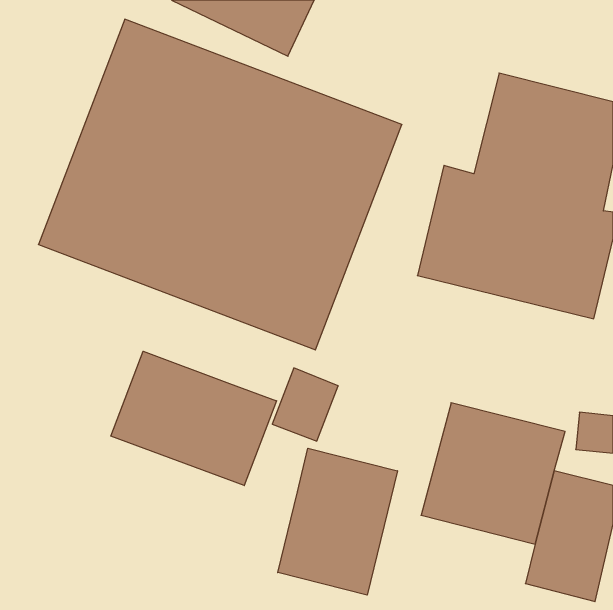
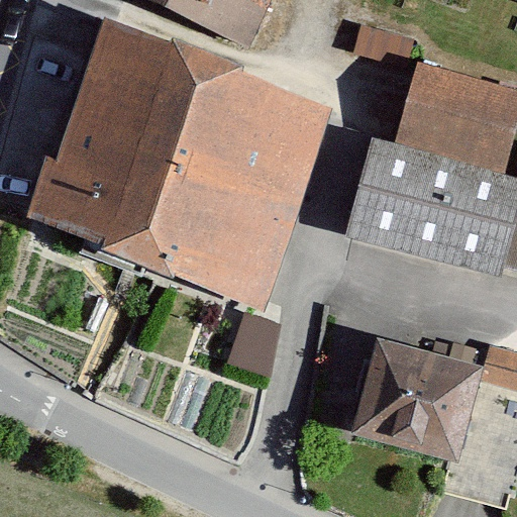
building: [111,351,277,486] -> none
building: [278,448,397,595] -> none

